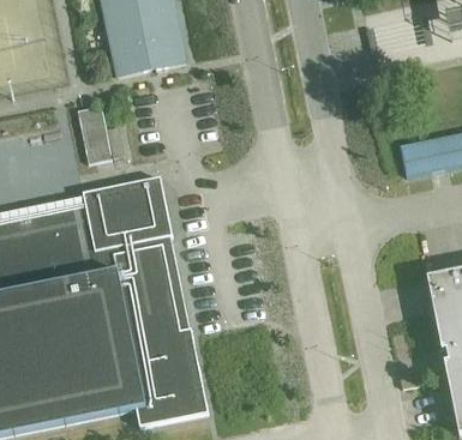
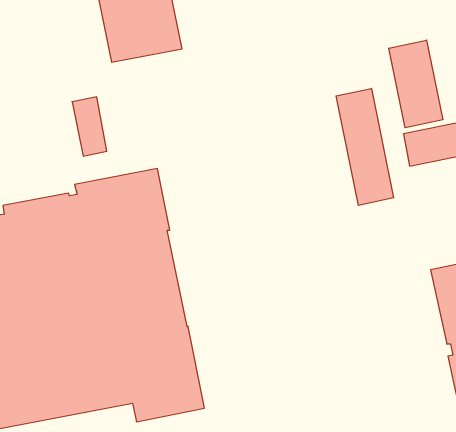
building: none -> [389,40,443,128]
building: none -> [336,88,394,205]

